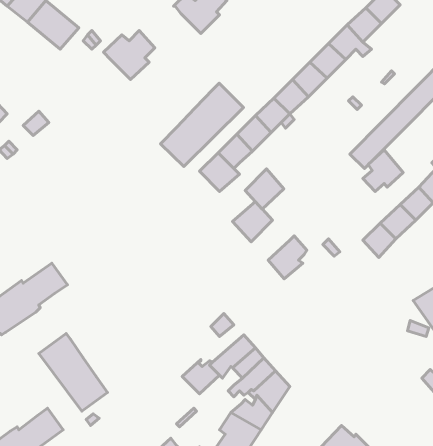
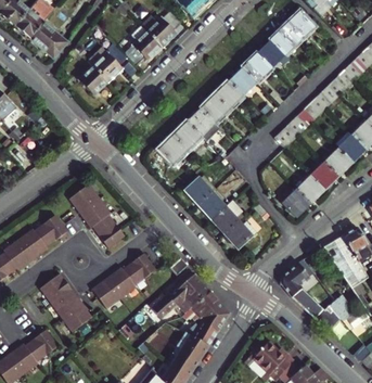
building: none -> [126,25,163,66]
building: none -> [80,65,110,94]
building: [161,83,244,167] -> none
building: [363,150,403,191] -> none
building: [245,169,284,209] -> [201,187,230,217]
building: none -> [64,189,119,252]
building: none -> [226,219,257,246]
building: none -> [92,253,156,308]
building: none -> [281,259,333,323]

